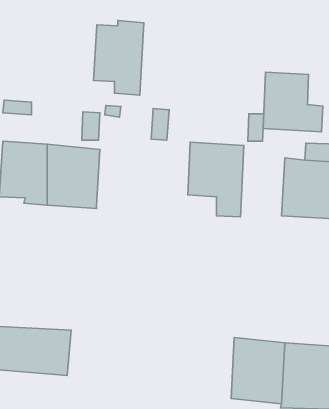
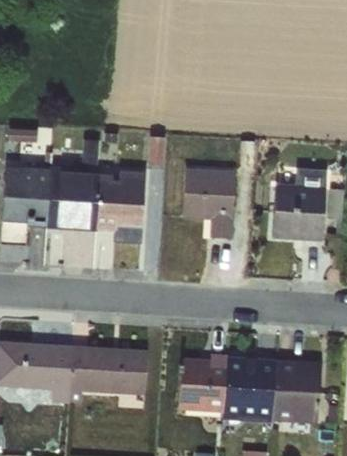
building: [94,21,144,95] -> [96,171,144,242]
building: [263,72,323,132] -> none
building: none -> [67,346,147,404]
building: none -> [177,354,227,412]

